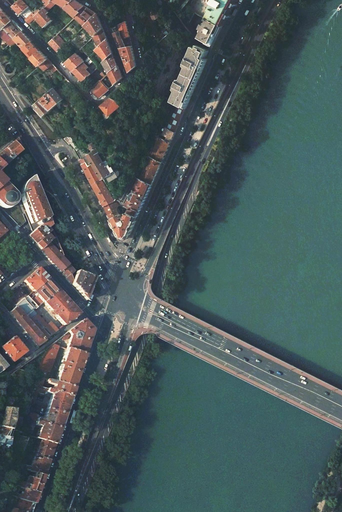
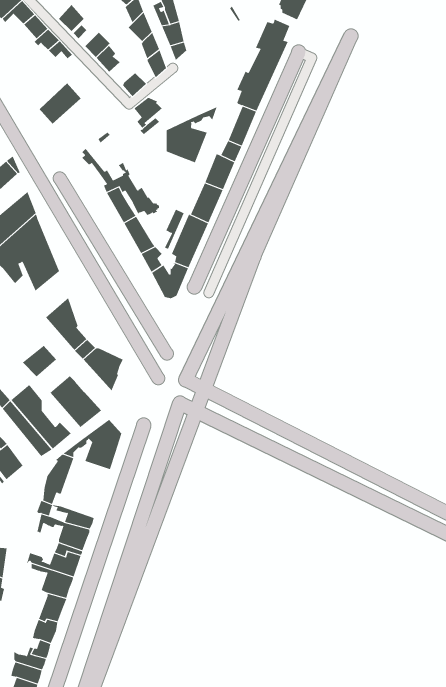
building: none -> [166,106,218,163]
building: [27,218,55,250] -> none
building: [28,279,56,307] -> none
building: [50,349,84,388] -> none

